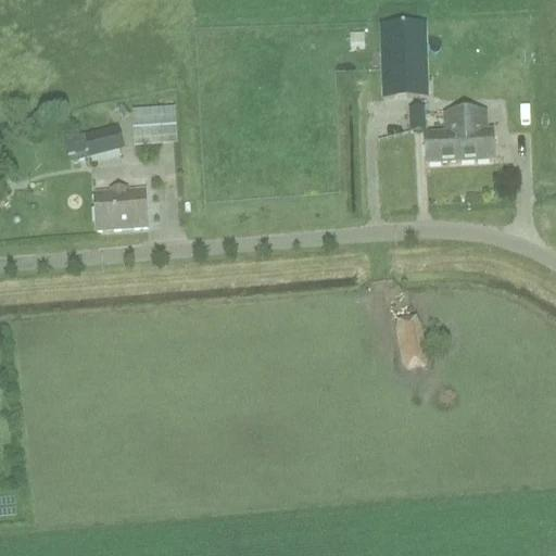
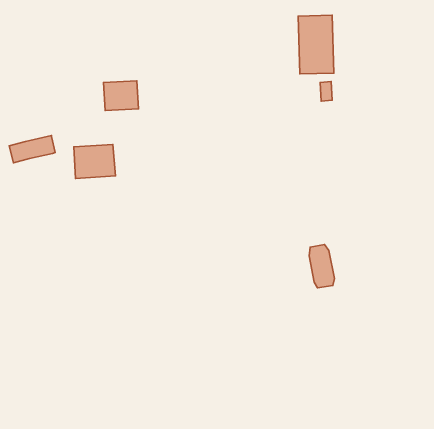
building: [426,108,494,159] -> none
building: [64,124,123,159] -> [9,136,55,163]

